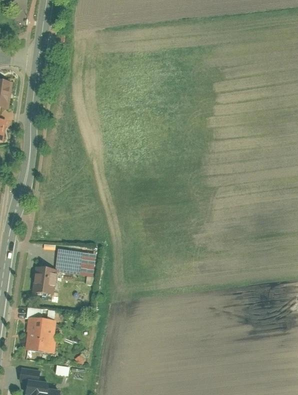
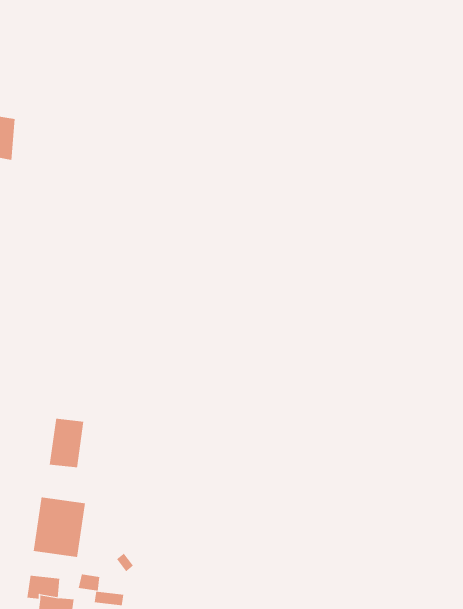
building: [54,249,96,277] -> none

